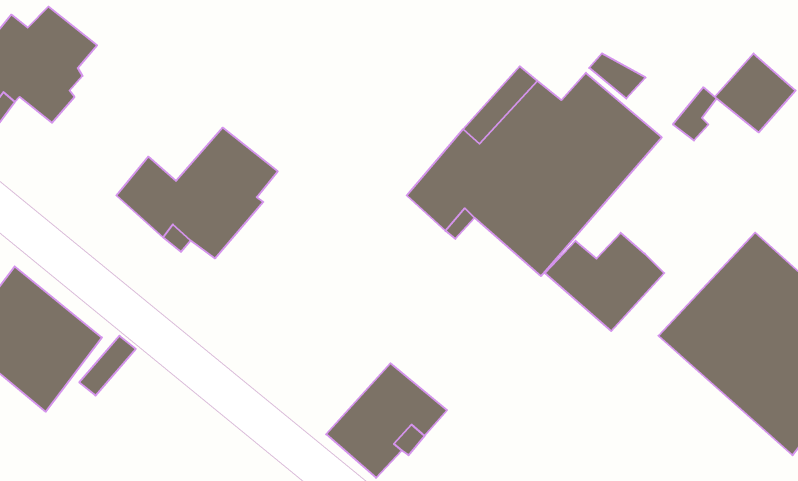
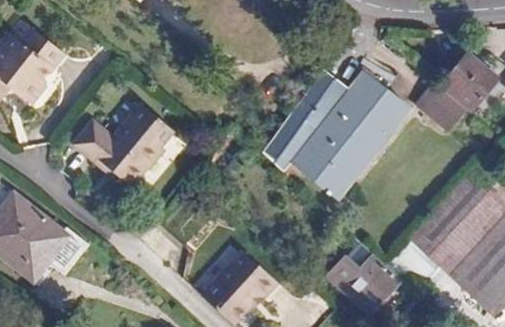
building: none -> [434,88,476,133]
building: [545,233,664,331] -> [325,250,399,311]

